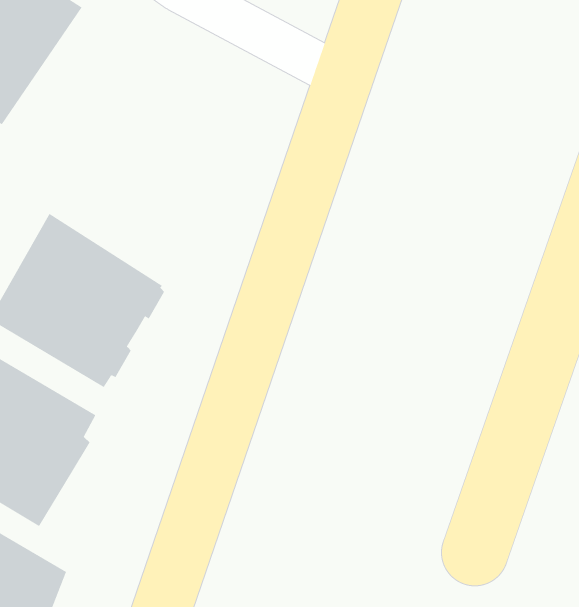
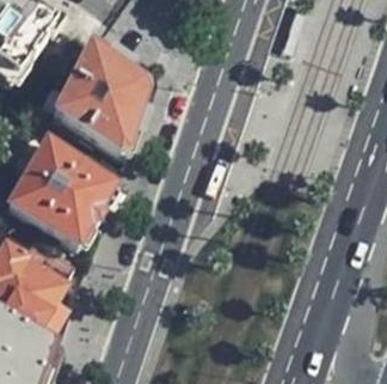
building: none -> [55,44,148,153]

